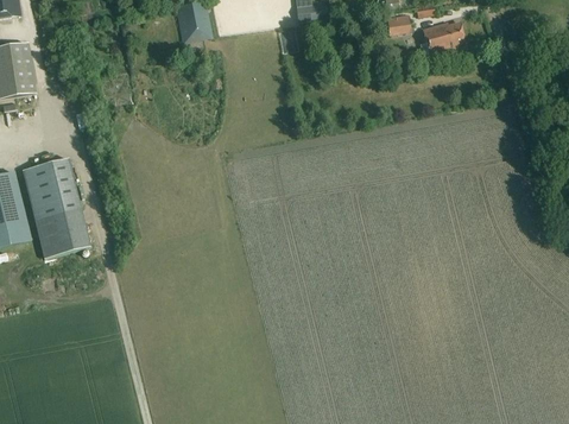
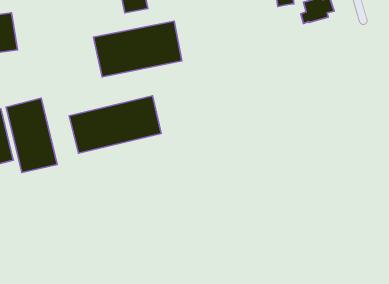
building: none -> [94,21,182,77]
building: none -> [69,96,161,153]

